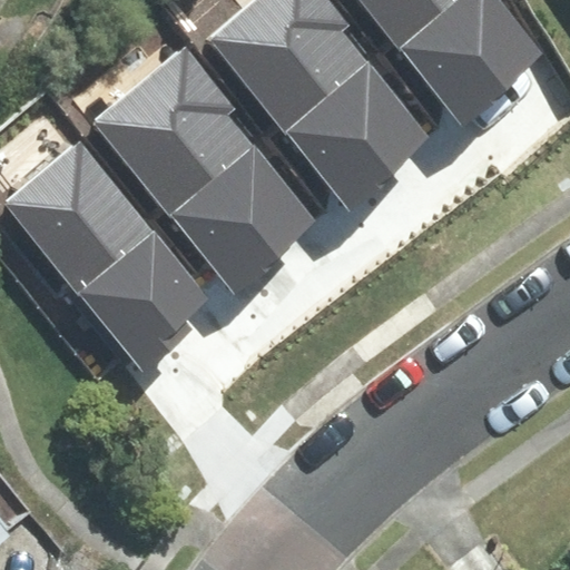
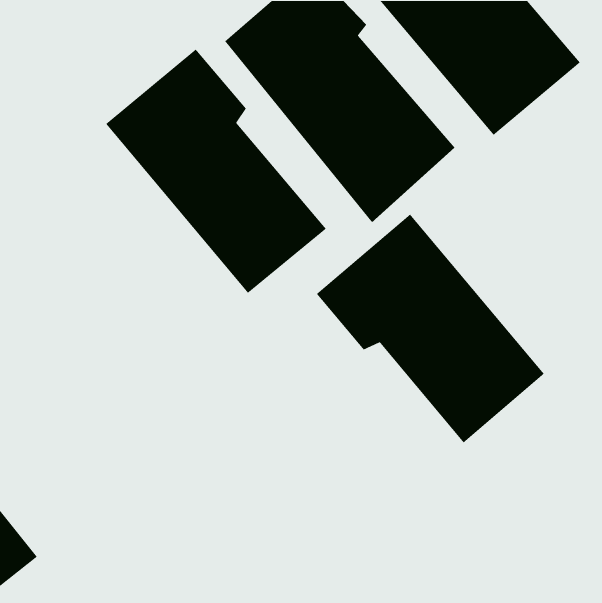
building: [6,140,204,372] -> none
building: none -> [316,214,545,444]

